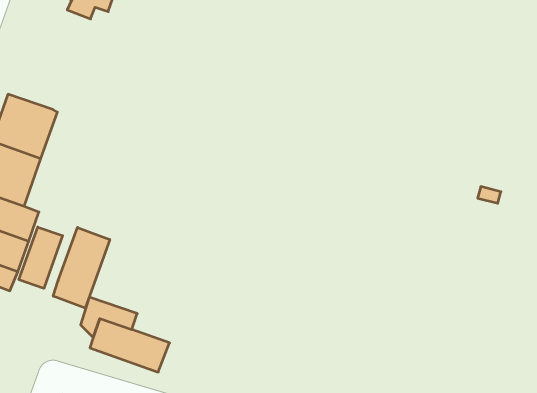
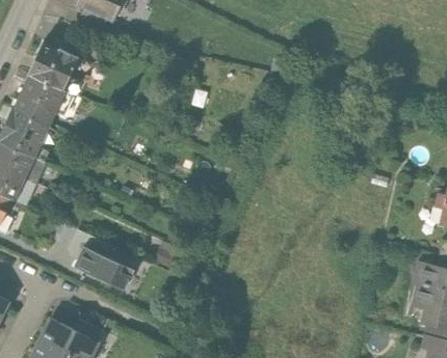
building: none -> [31,40,78,87]
building: [19,227,63,288] -> none
building: [53,227,110,308] -> none

